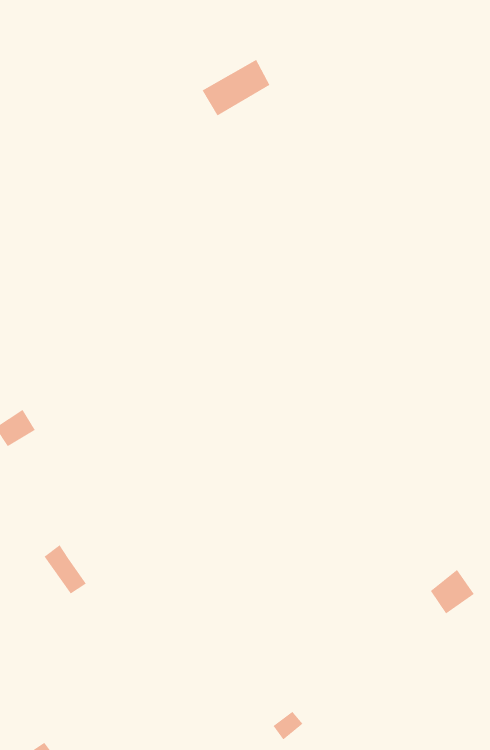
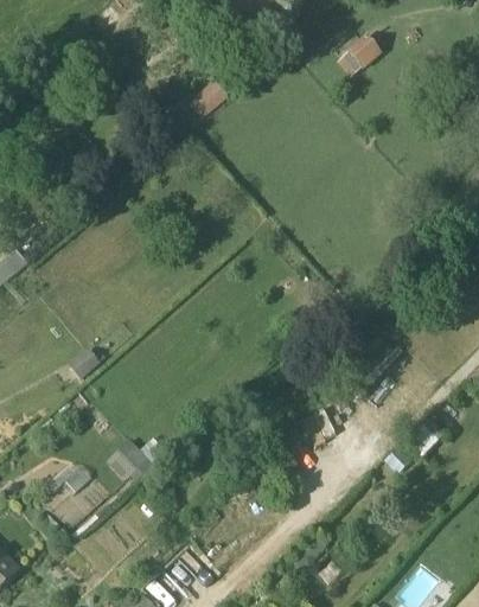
building: none -> [337,33,381,75]

